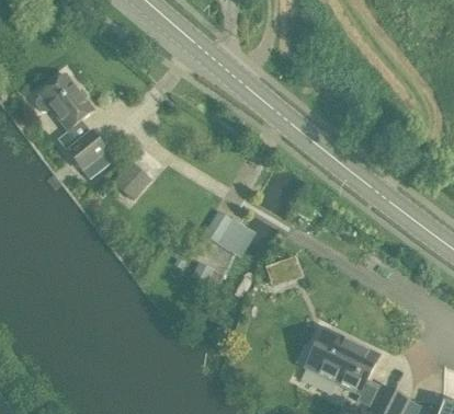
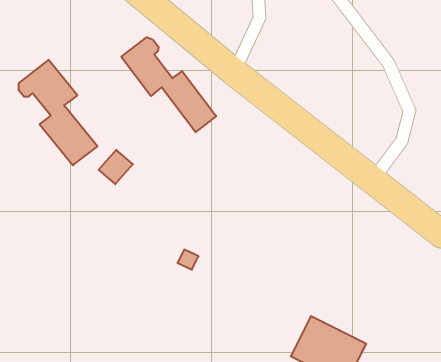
building: none -> [121,37,216,132]
building: [204,210,243,252] -> none

